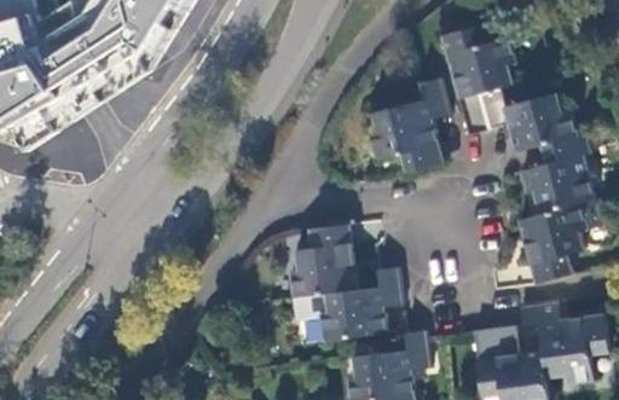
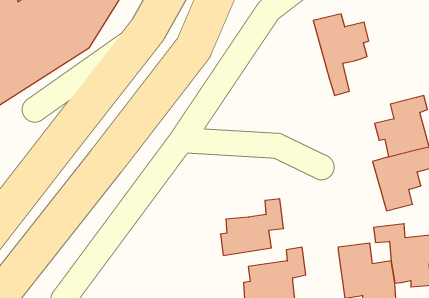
building: [369,76,449,172] -> none
building: [478,87,573,150] -> none
building: [289,224,354,298] -> none

